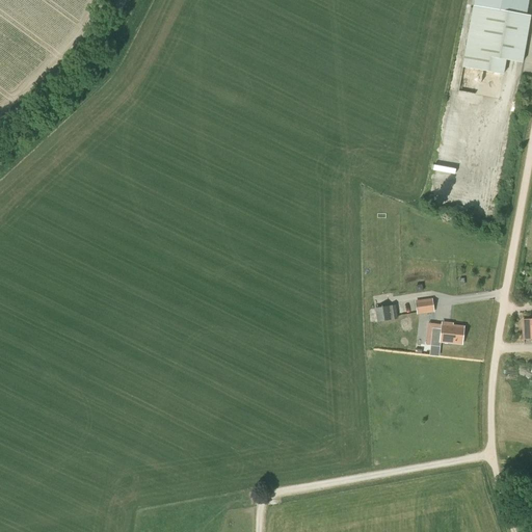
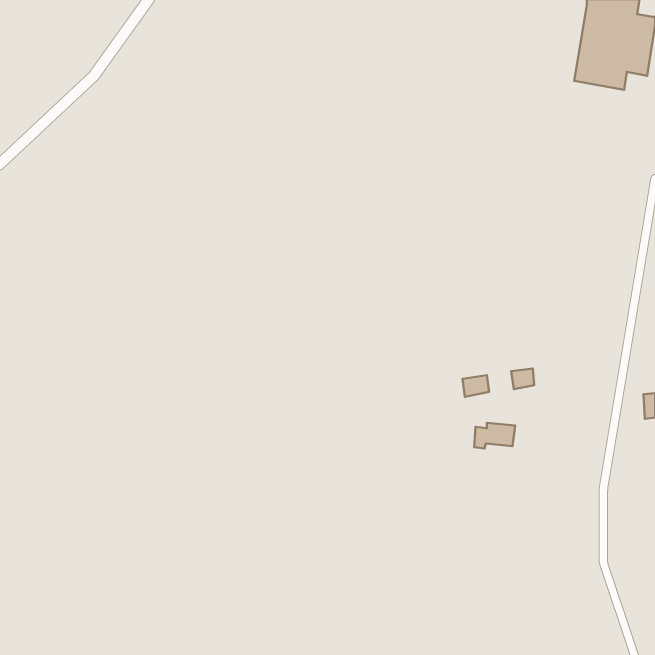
building: [430,324,463,345] -> [474,423,515,449]

